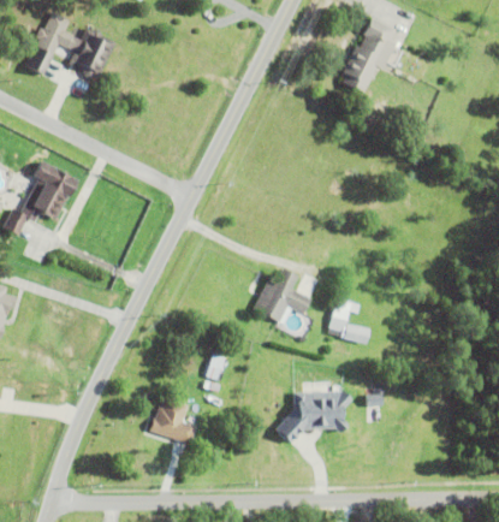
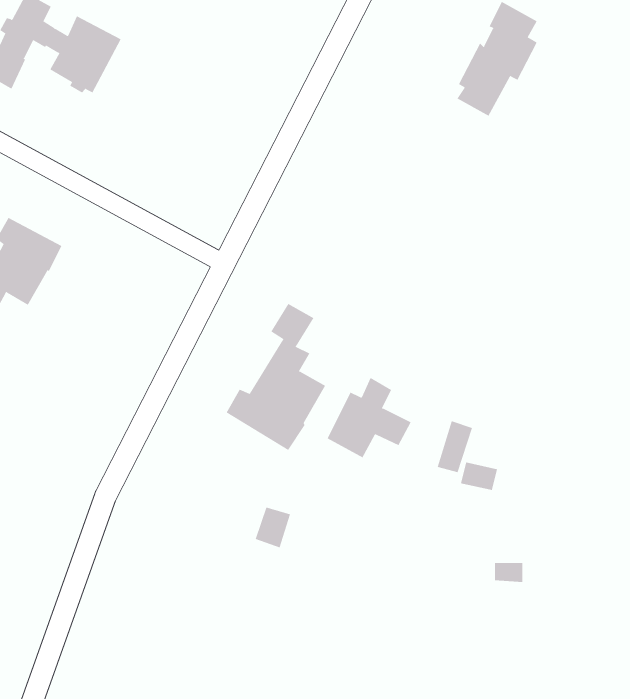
building: none -> [226,303,326,451]
building: [290,391,349,432] -> none
building: [149,399,197,446] -> none

